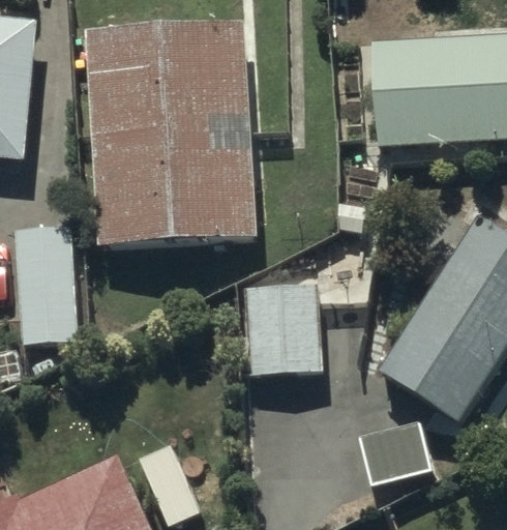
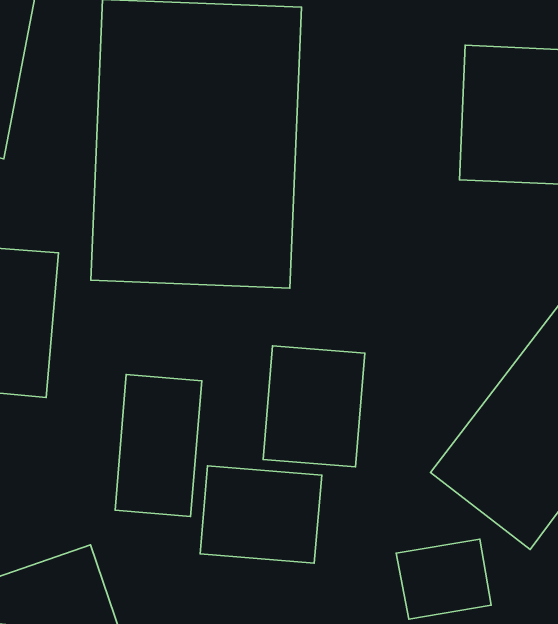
building: none -> [115,374,202,517]
building: none -> [200,466,322,563]

